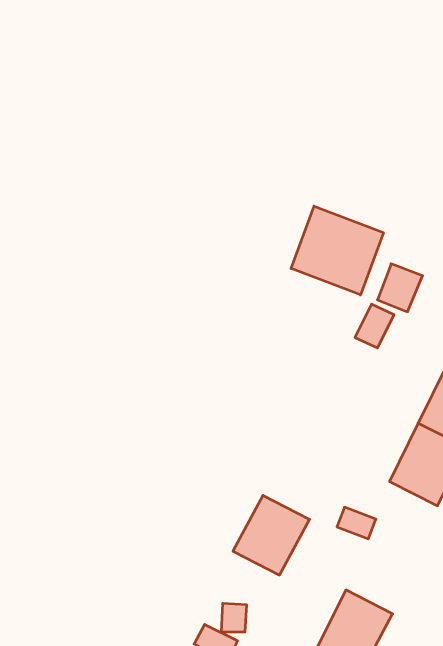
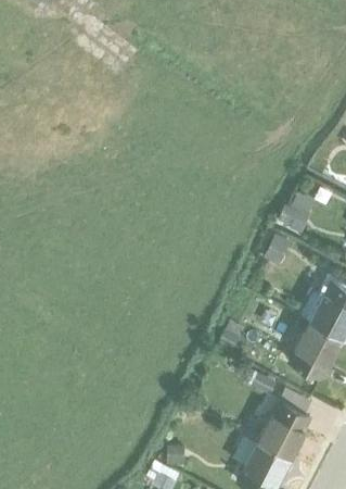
building: [291,206,383,295] -> none
building: [233,495,310,575] -> [257,399,312,456]

